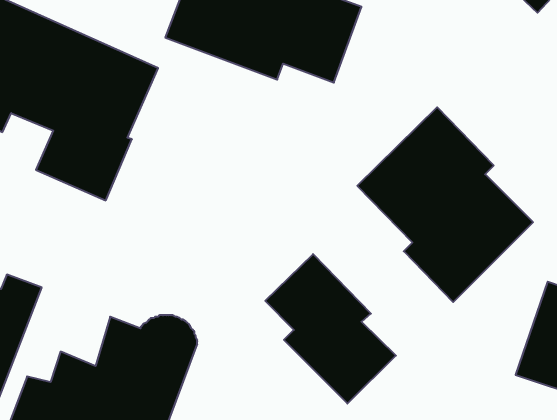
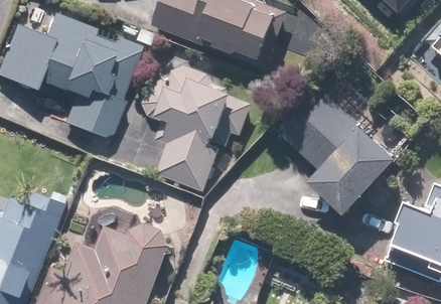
building: none -> [143,65,236,192]
building: [265,254,396,404] -> none

